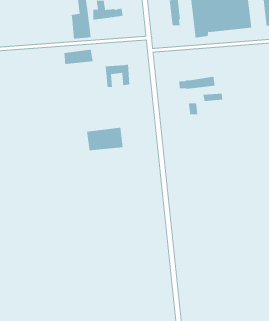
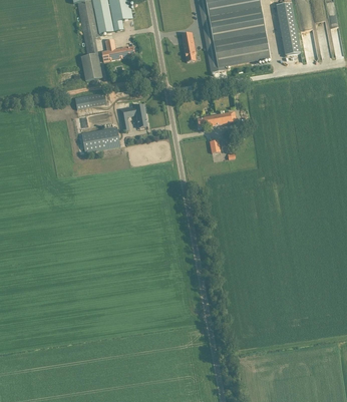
building: [86,127,123,151] -> [81,125,121,152]

